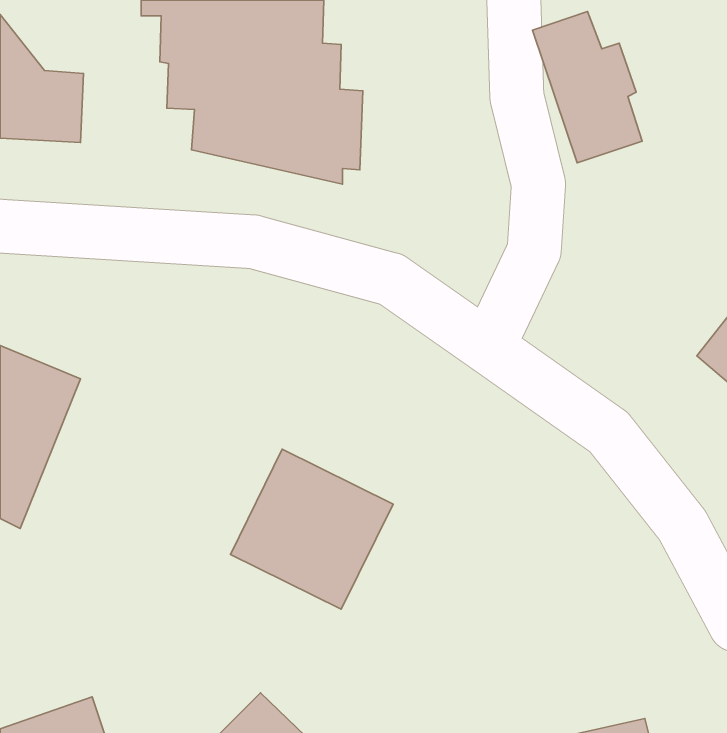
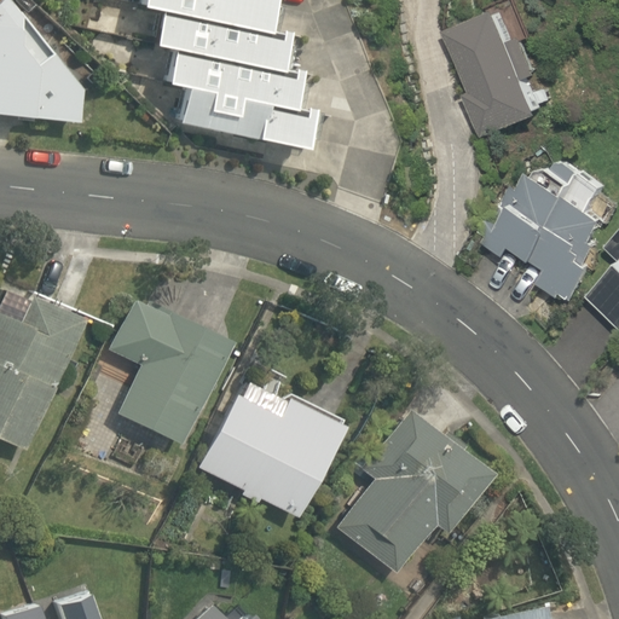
building: none -> [486,146,611,305]
building: none -> [106,293,228,441]
building: none -> [337,405,487,572]

